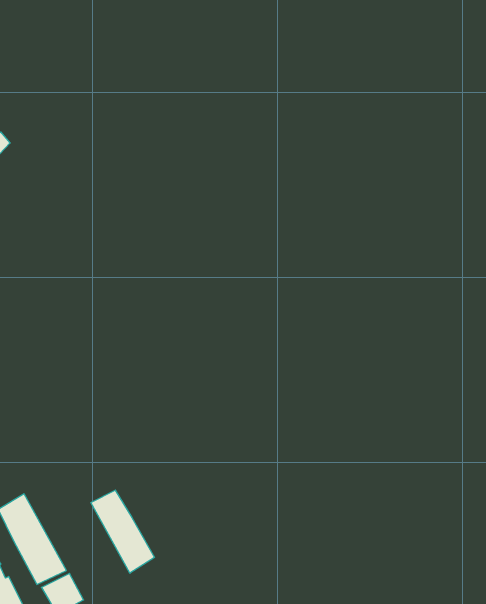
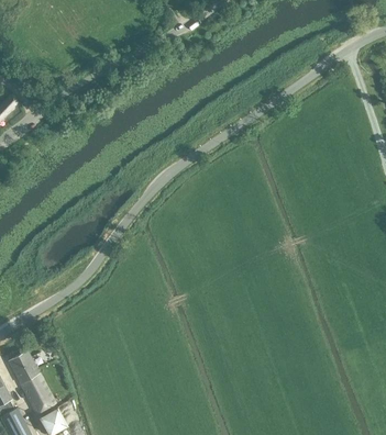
building: [91,490,154,573] -> none

